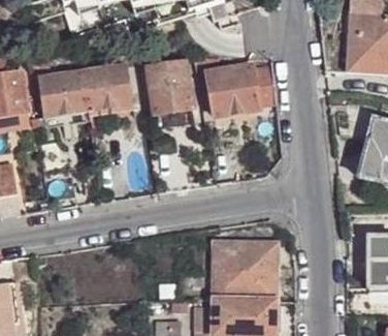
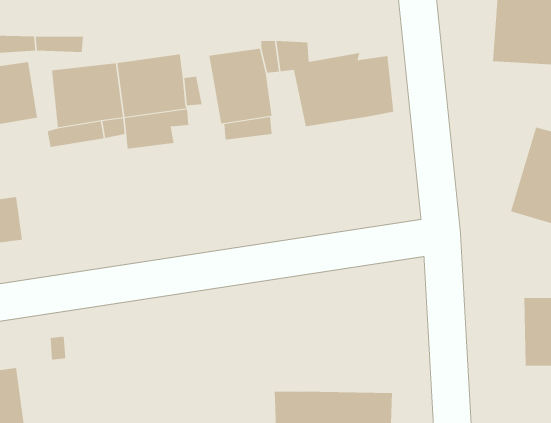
building: [212,241,276,300] -> none

